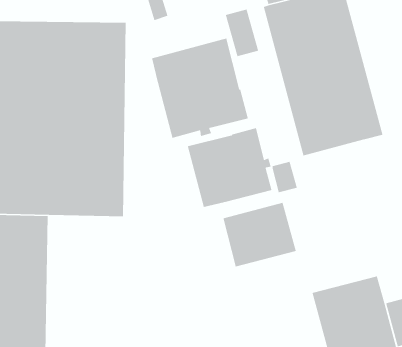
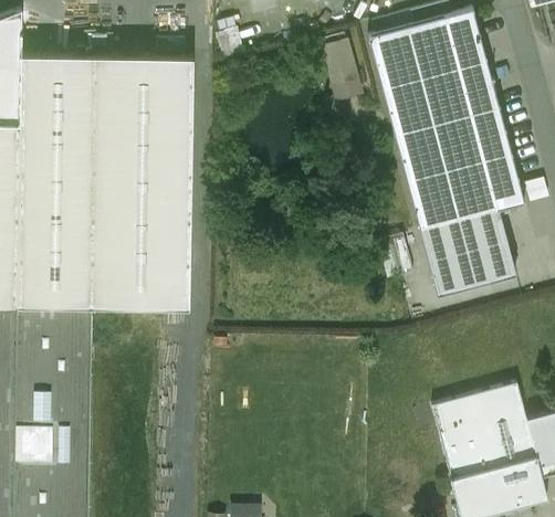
building: [151,37,249,139] -> none
building: [187,127,273,208] -> none
building: [222,202,297,268] -> [419,211,515,296]

